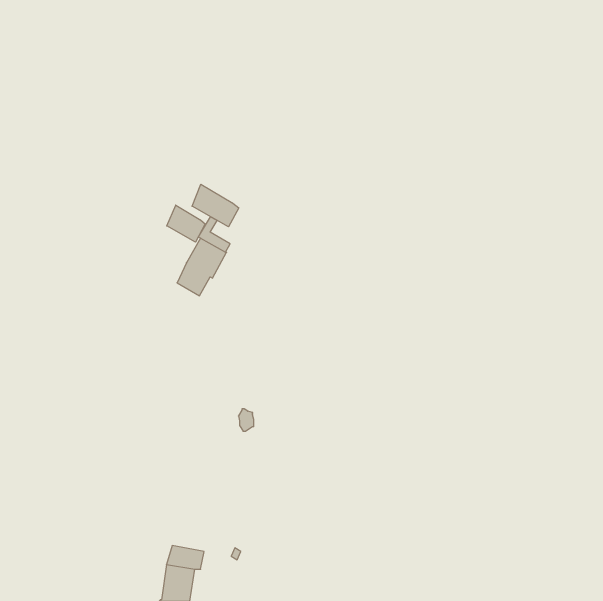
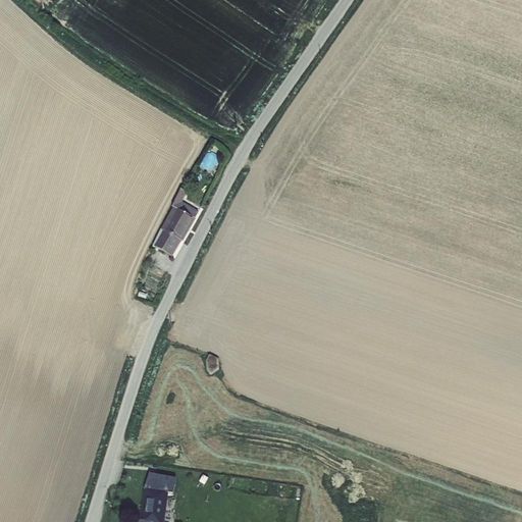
building: [192,184,239,227] -> none
building: [167,205,205,242] -> none

